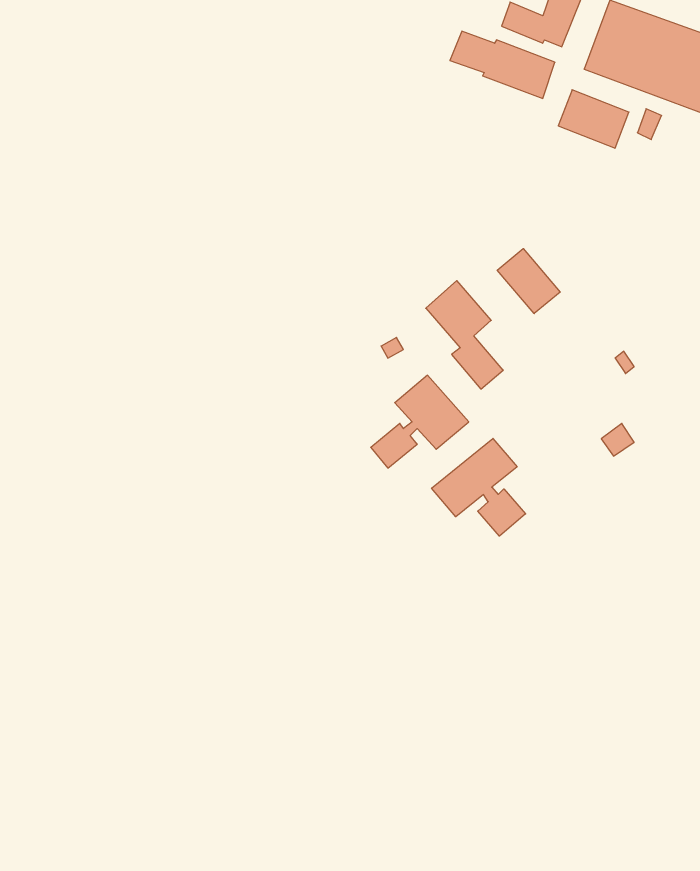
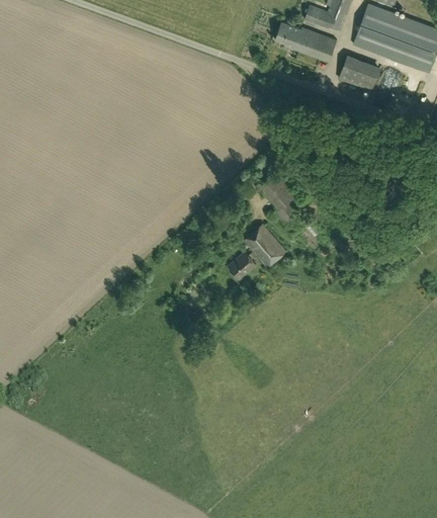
building: [497,249,560,314] -> none
building: [432,438,526,536] -> none

